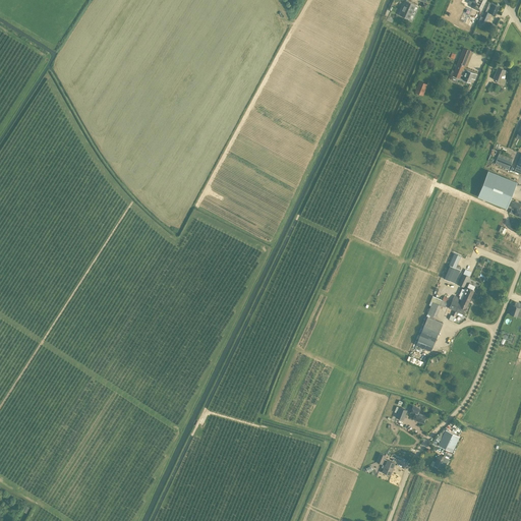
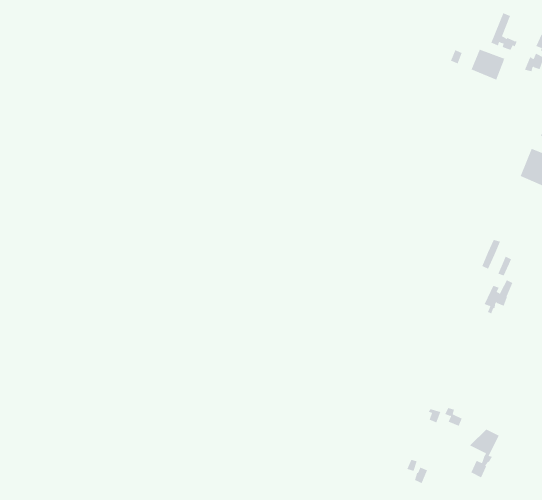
building: none -> [471,49,506,80]
building: [416,296,449,351] -> none

